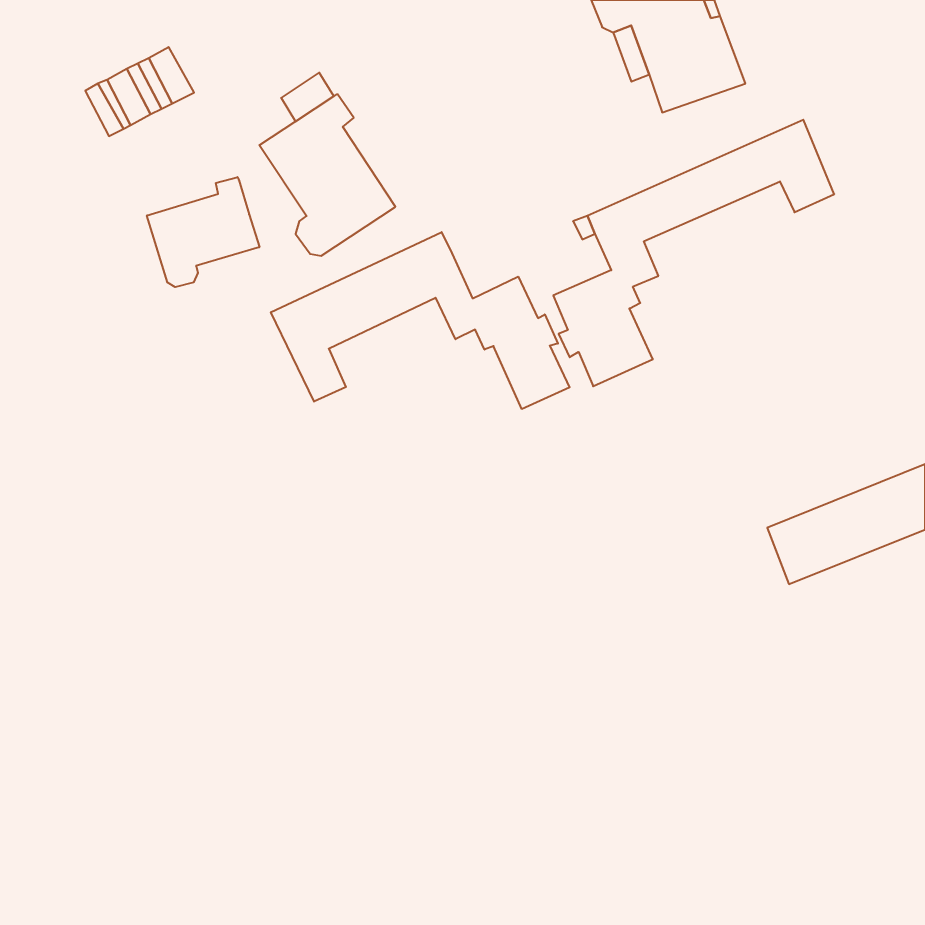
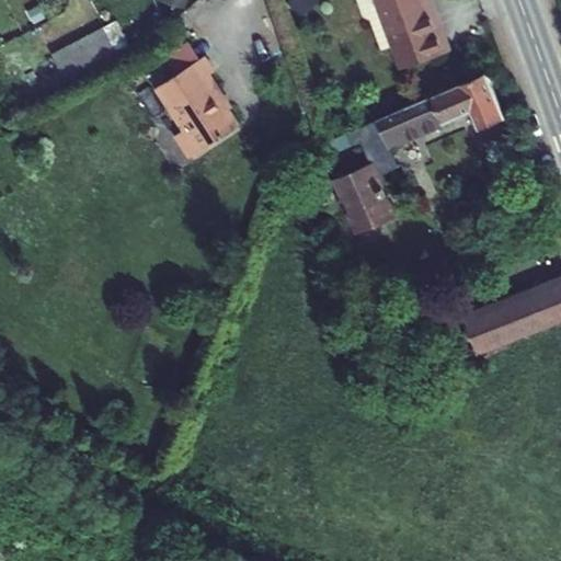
building: [147,177,259,287] -> none
building: [271,232,570,409] -> none

